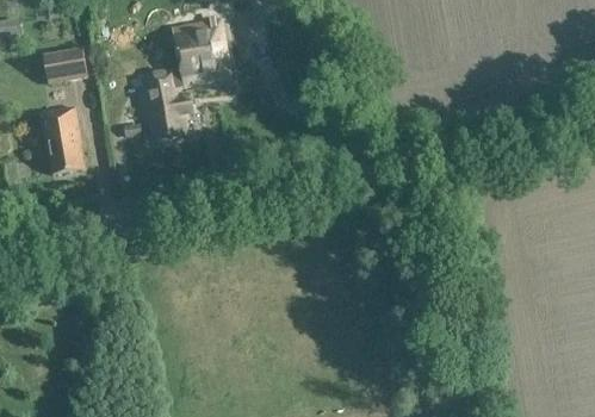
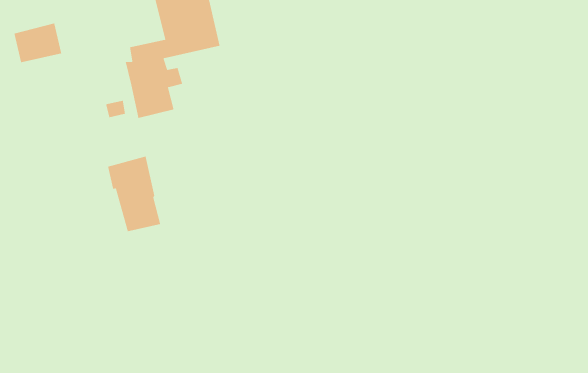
building: [36,105,81,173] -> [107,156,161,232]

